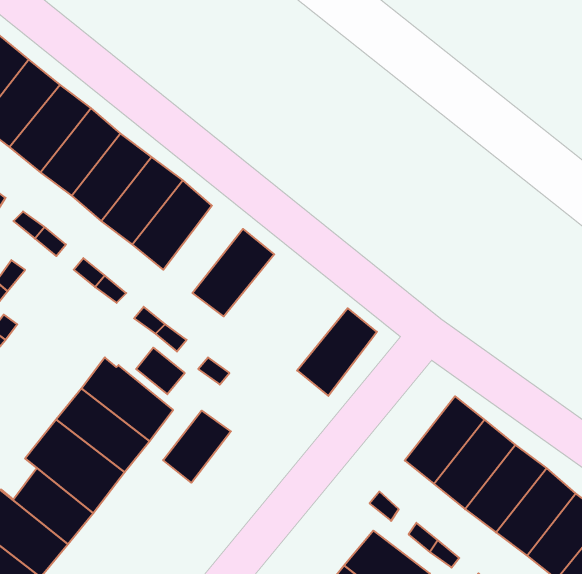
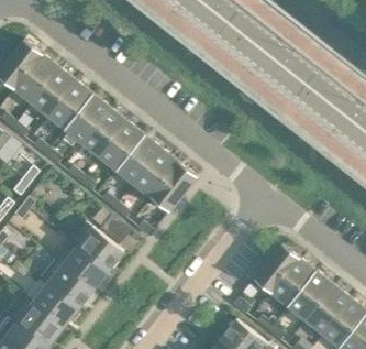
building: none -> [117,135,162,185]
building: [297,308,377,396] -> [151,163,196,212]
building: [163,411,231,483] -> none

